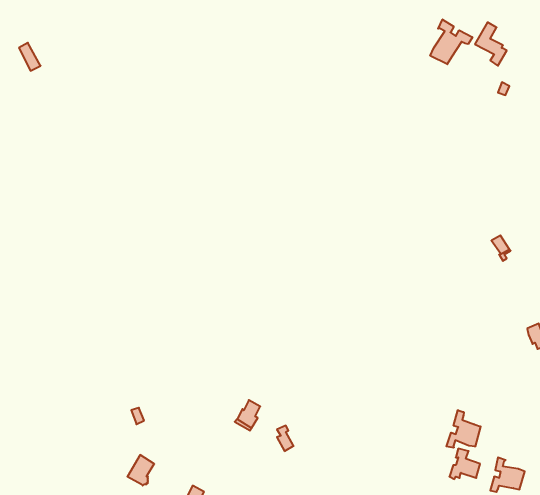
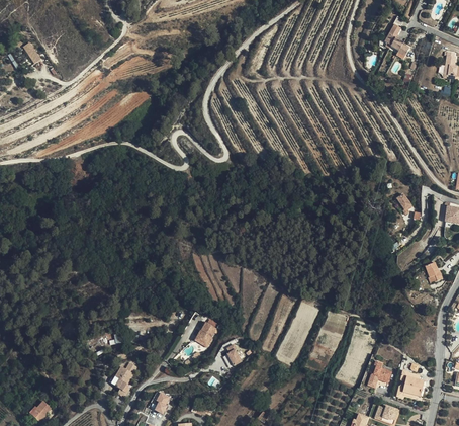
building: [430,19,472,64] -> none
building: [446,410,481,448] -> none

